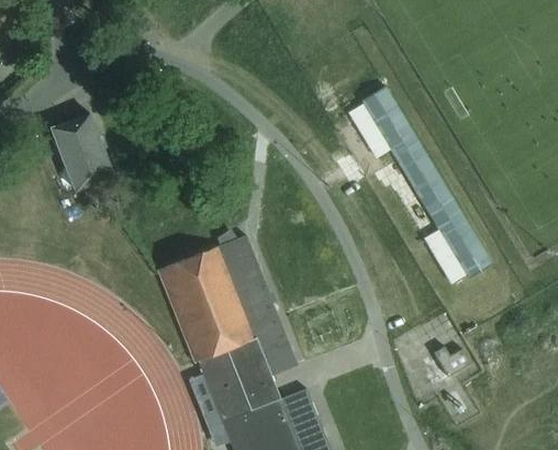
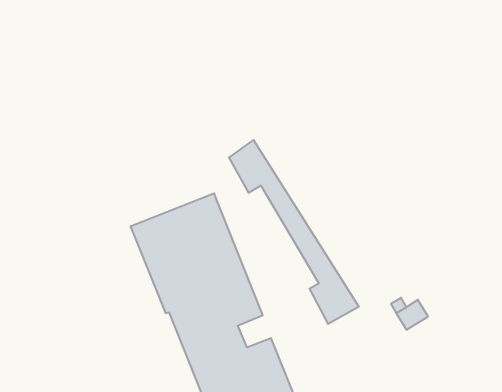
building: [345,83,483,279] -> [229,140,359,324]
building: [52,112,114,192] -> none

